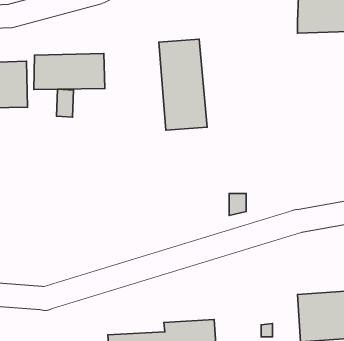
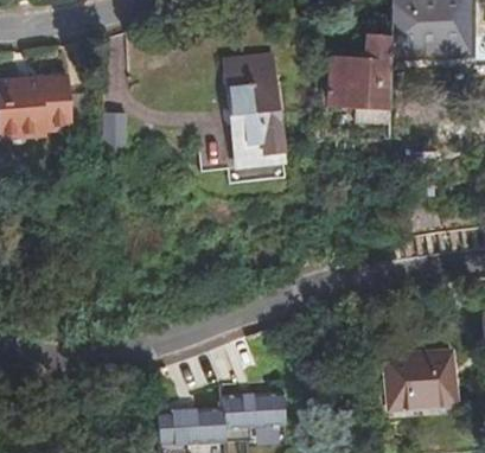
building: none -> [323,32,388,103]
building: [34,53,105,89] -> none

